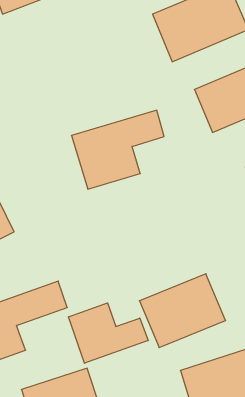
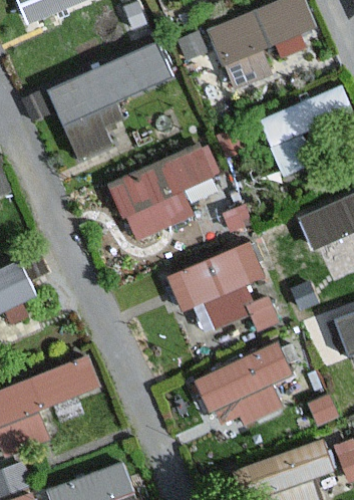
building: none -> [47,43,175,161]
building: none -> [165,246,276,331]
building: [68,303,148,363] -> none

